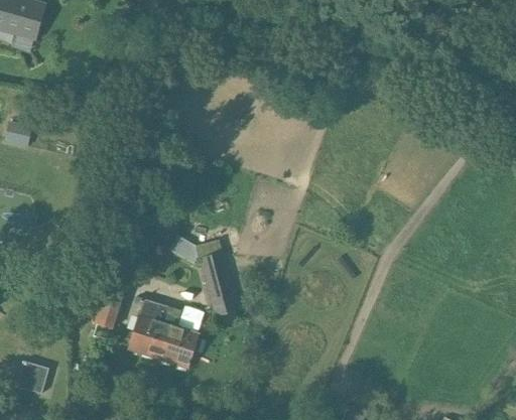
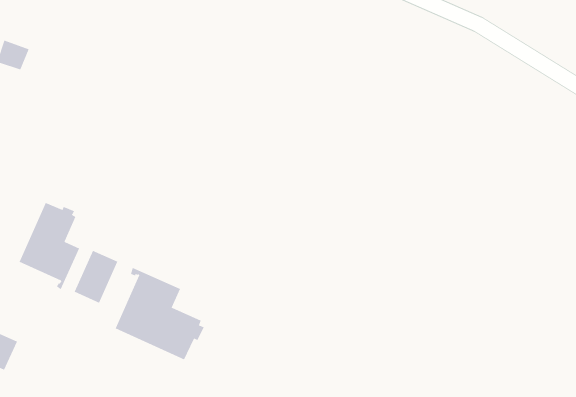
building: [166,235,238,317] -> none
building: none -> [19,202,80,290]

